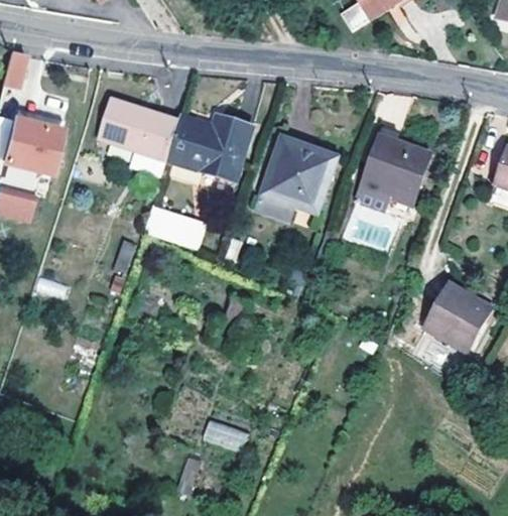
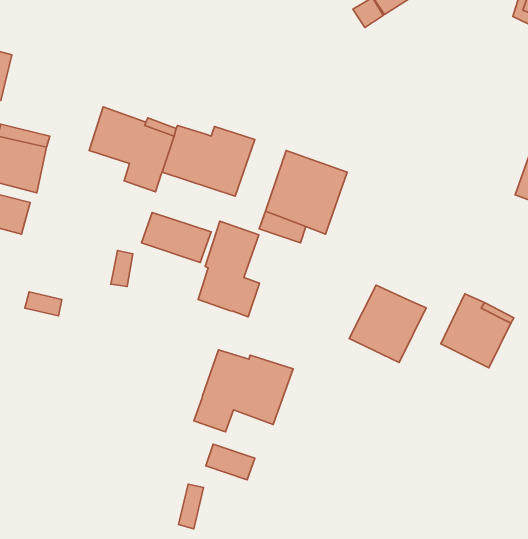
building: [360,140,432,213] -> none
building: none -> [198,221,260,317]
building: none -> [349,285,426,363]
building: none -> [194,350,293,432]

